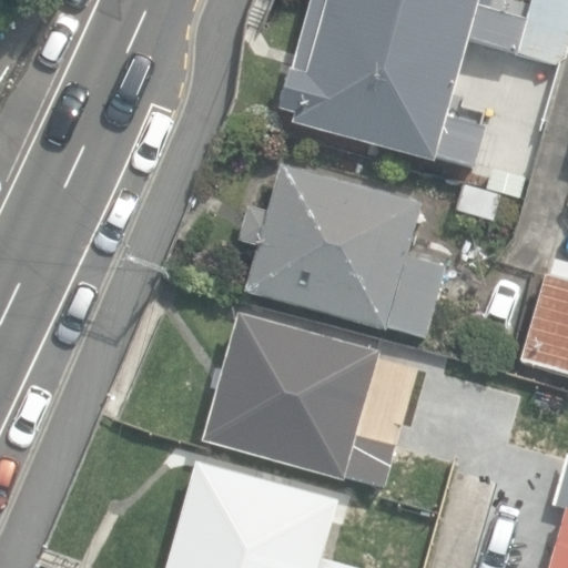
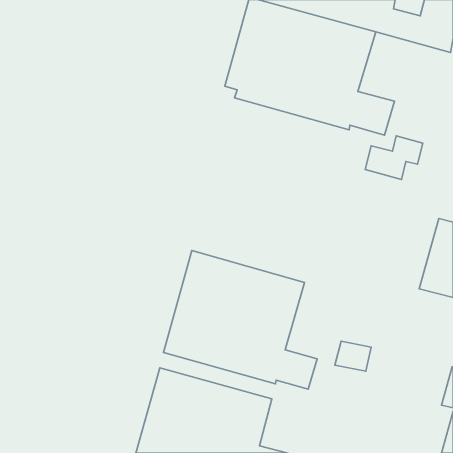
building: [236,166,444,335] -> none

